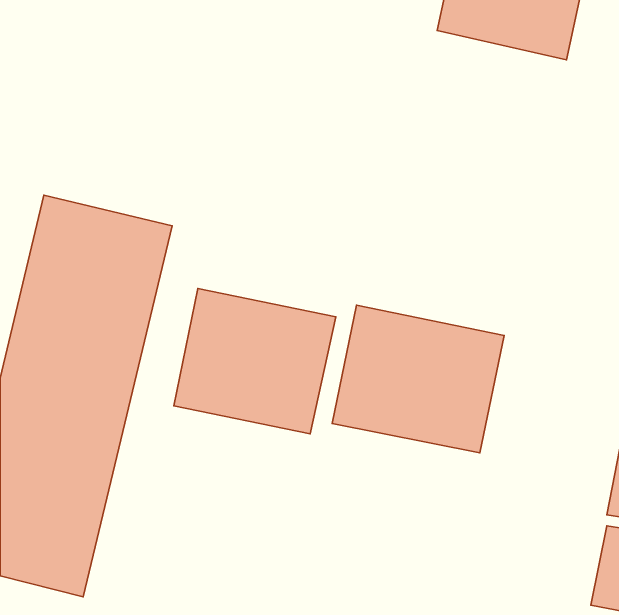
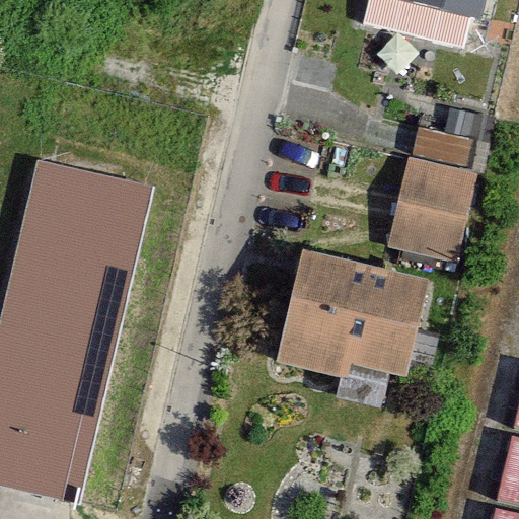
building: none -> [389,155,475,250]
building: [174,288,336,434] -> none

